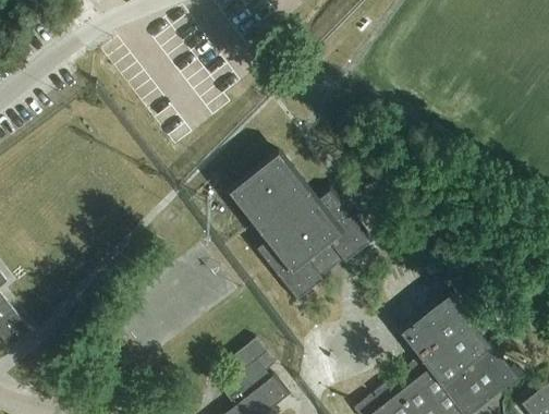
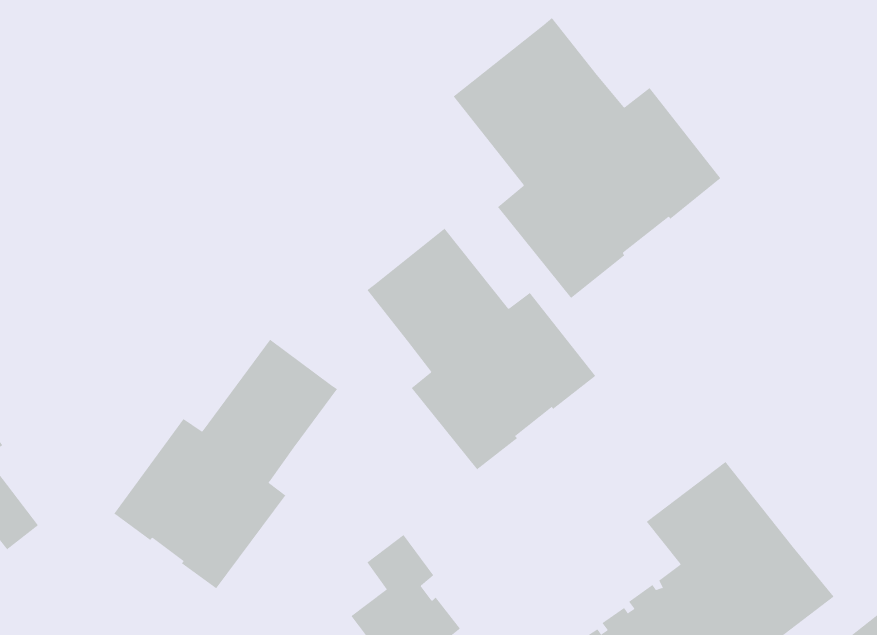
building: none -> [453,17,721,299]
building: none -> [114,339,338,589]

